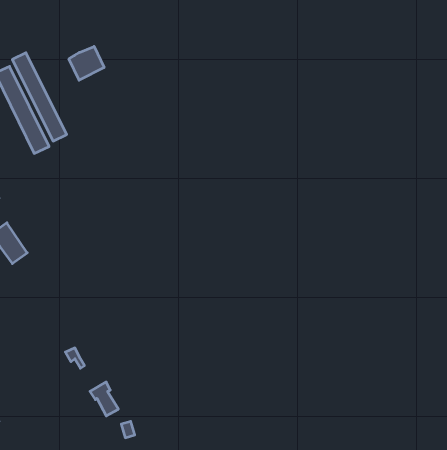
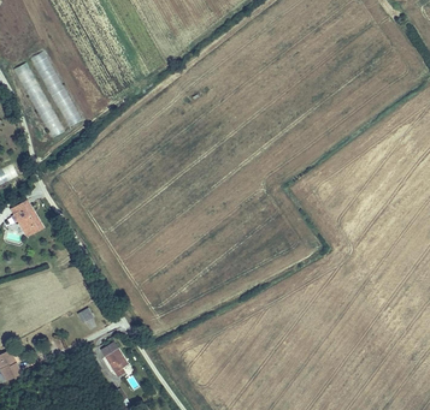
building: [69,46,104,80] -> none

